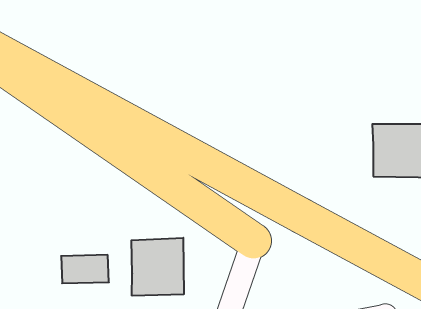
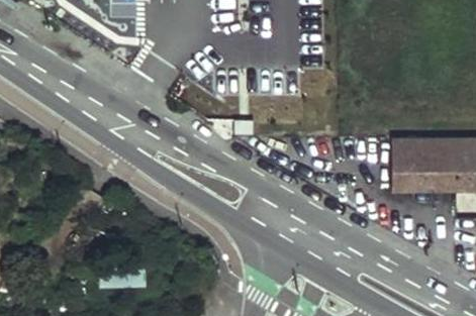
building: [131,238,184,296] -> none

